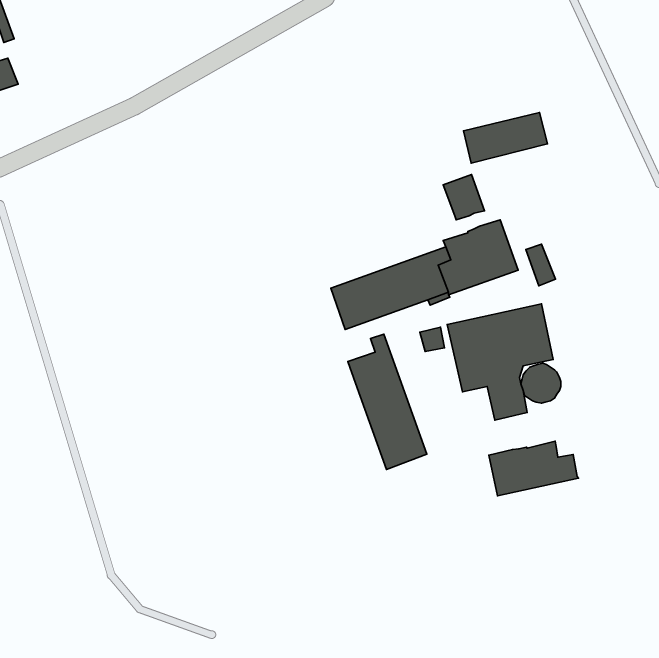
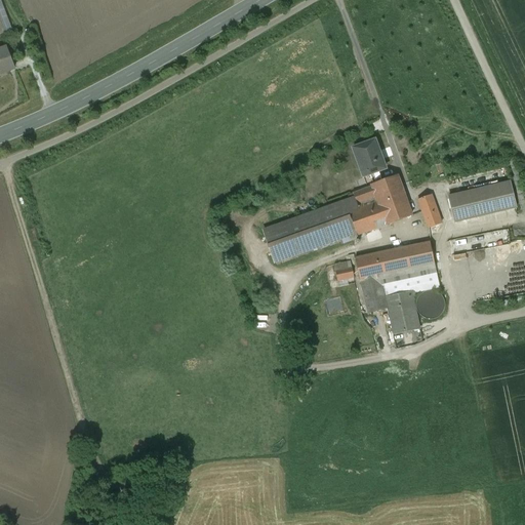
building: [463,113,547,163] -> [448,180,515,220]
building: [348,334,427,470] -> none
building: [489,441,578,496] -> none

